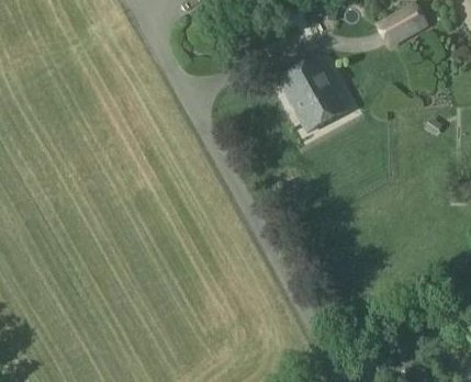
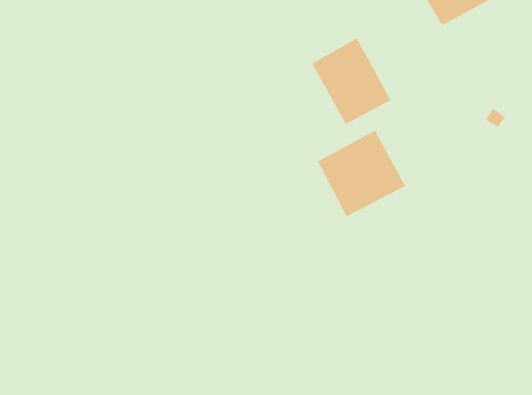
building: none -> [317,130,406,217]

